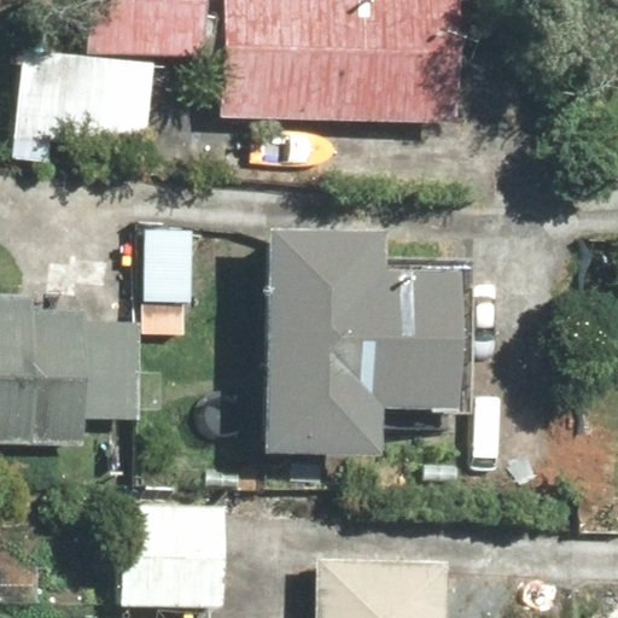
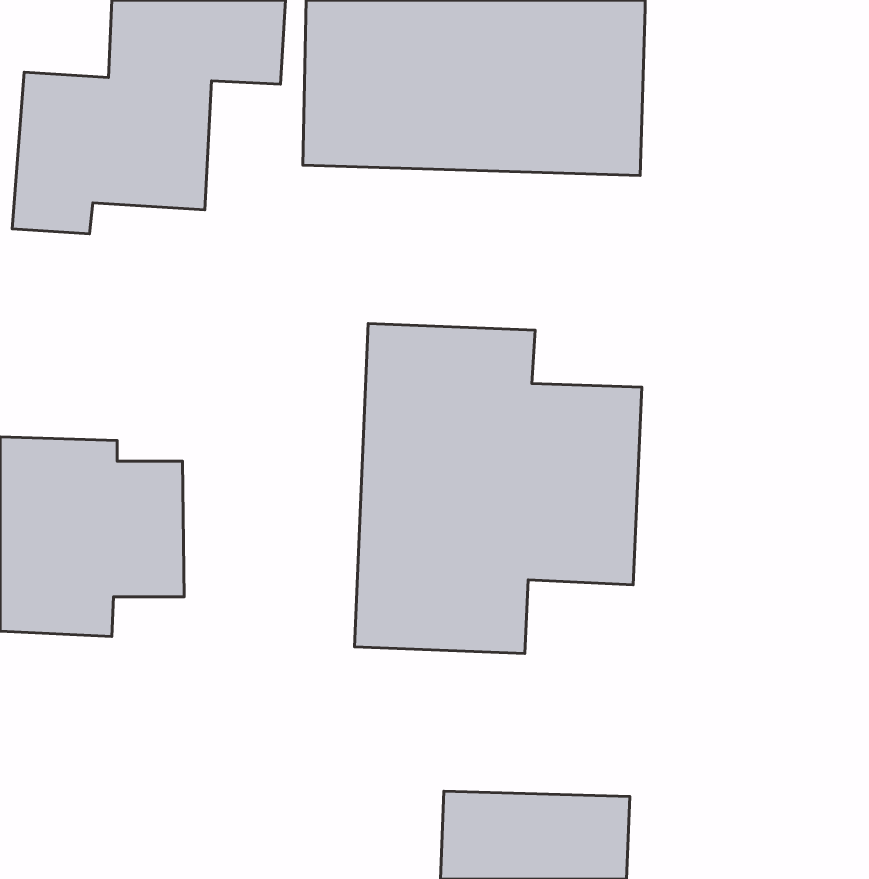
building: [118,505,229,608] -> none

